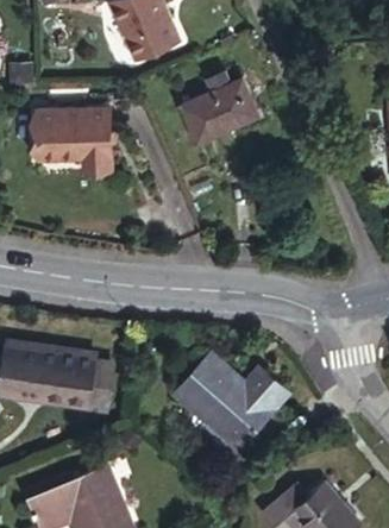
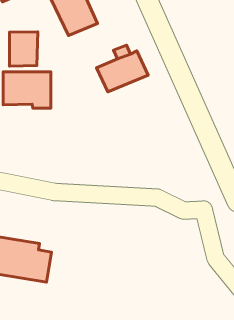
building: none -> [9,32,38,66]
building: [188,356,302,452] -> none

